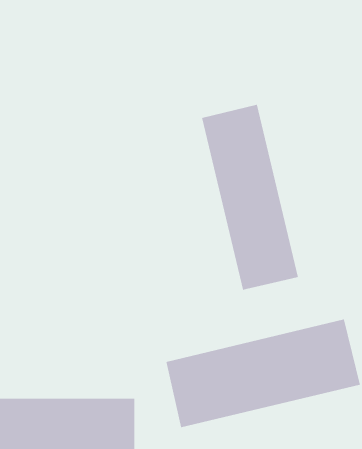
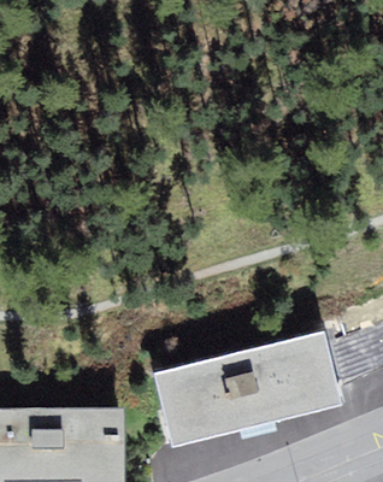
building: [201,104,299,291] -> none

